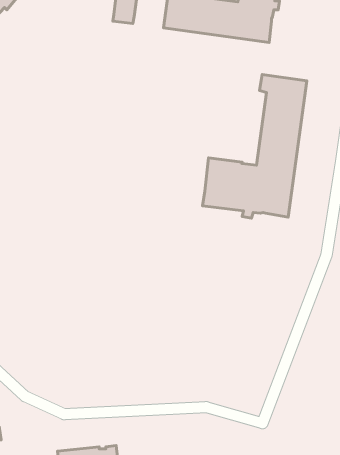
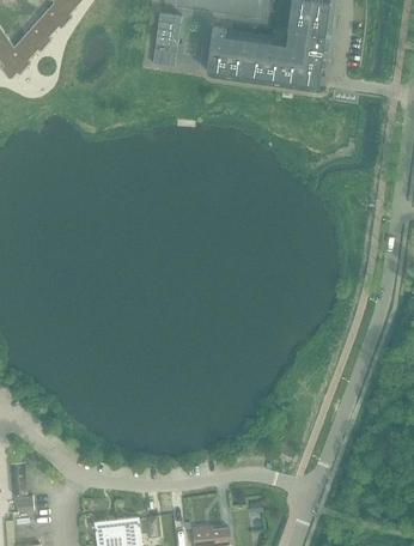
building: [202,75,307,218] -> none

